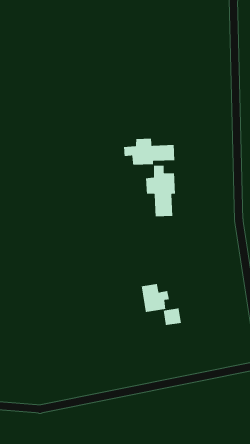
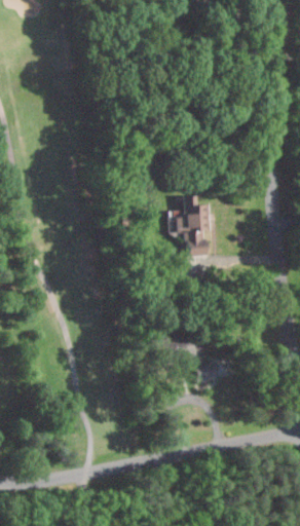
building: [123,138,175,166] -> none

